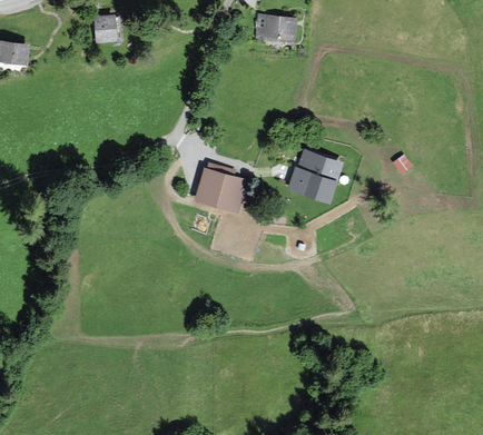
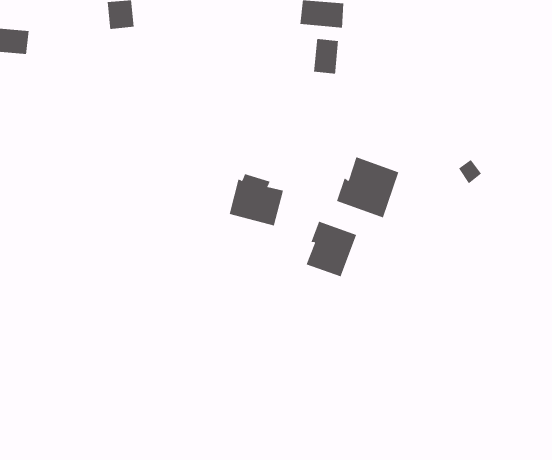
building: none -> [314,38,339,75]
building: none -> [306,221,357,277]

